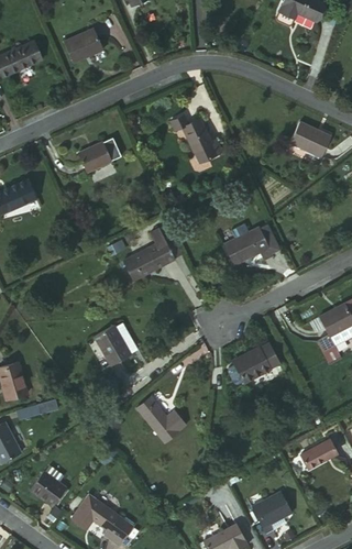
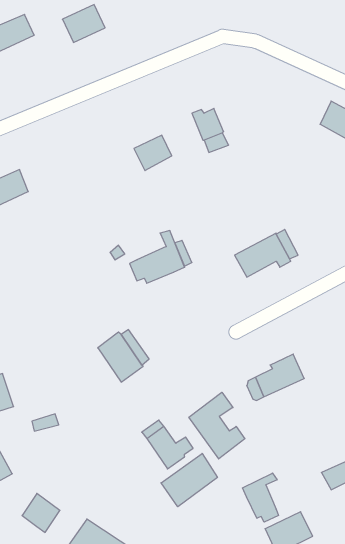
building: [78,141,112,173] -> [134,135,172,171]
building: none -> [189,392,245,459]
building: none -> [161,453,217,507]
building: none -> [243,473,279,522]

